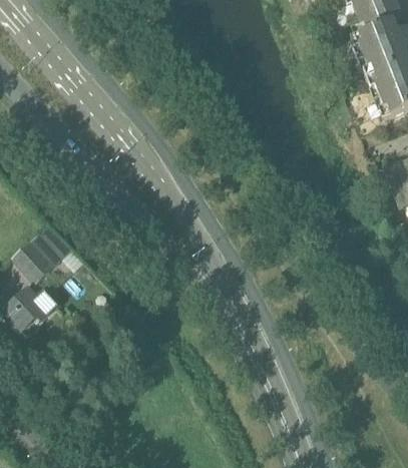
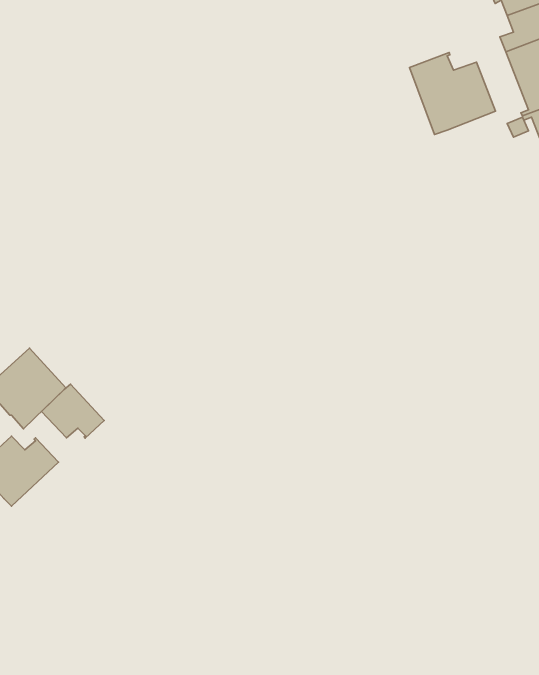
building: none -> [409,53,495,134]
building: none -> [41,384,104,438]

